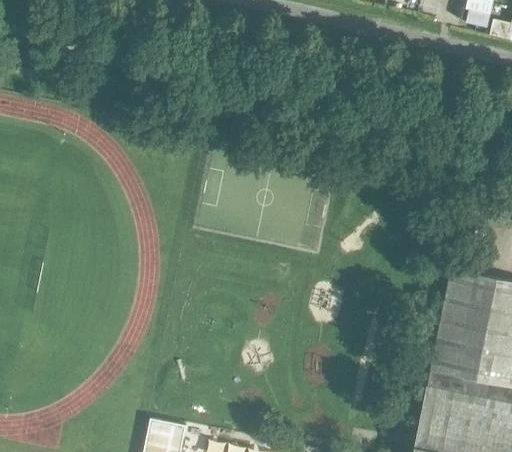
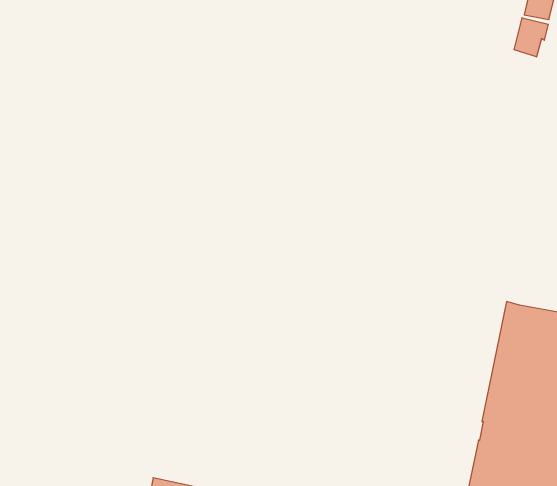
building: none -> [514,18,548,57]

